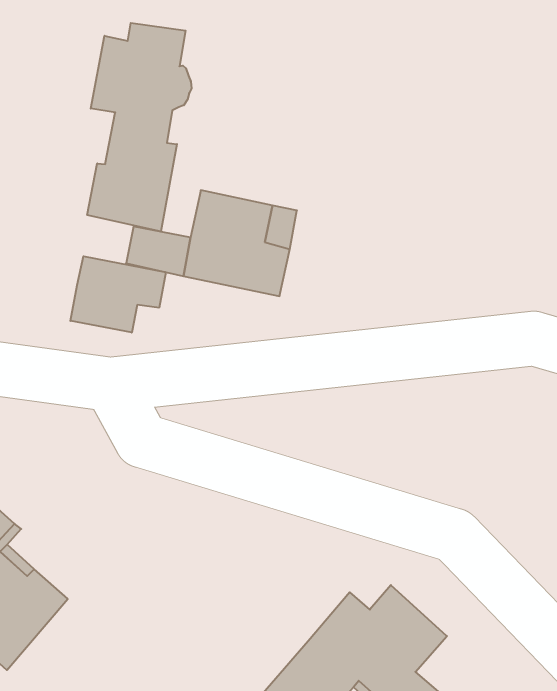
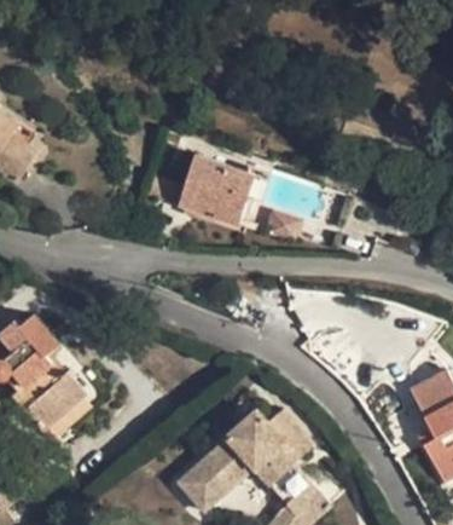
building: [87,23,191,232] -> none
building: [70,256,166,333] -> none

